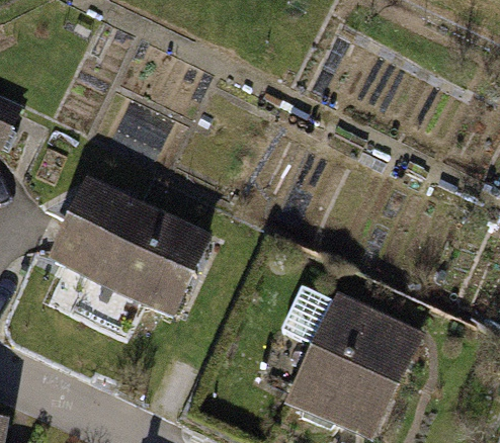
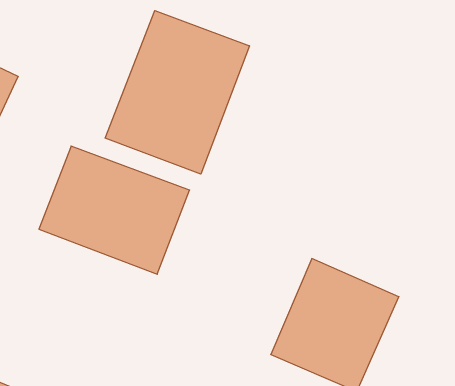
building: none -> [105,11,249,174]

